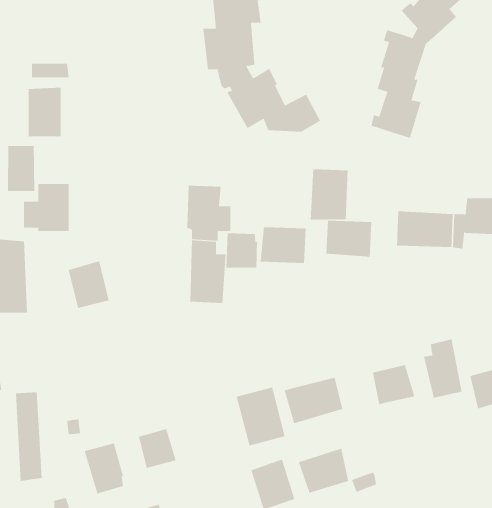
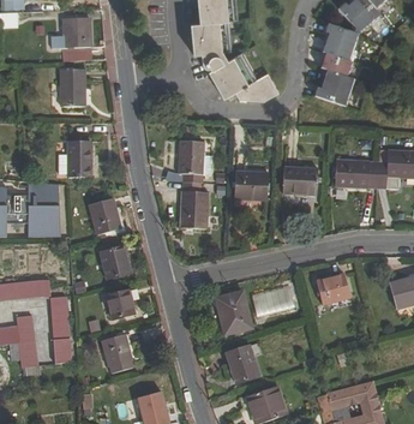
building: none -> [62,16,89,47]
building: [8,145,35,192] -> none
building: [310,169,348,221] -> none
building: [226,232,257,269] -> none
building: none -> [98,245,131,277]
building: [424,339,462,398] -> none
building: [138,429,177,469] -> [106,288,134,318]
building: [298,448,349,493] -> none

